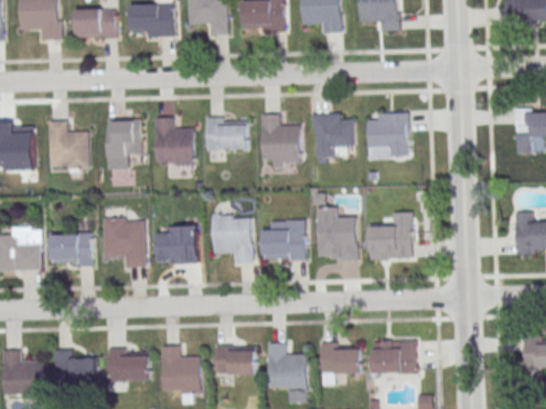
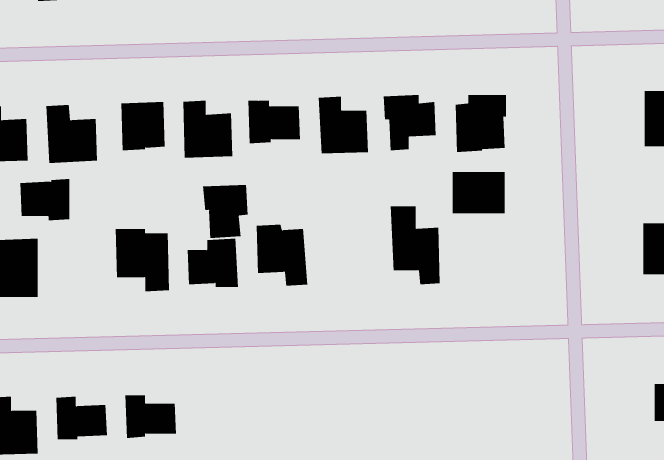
building: none -> [203,184,248,239]
building: [263,219,306,260] -> none
building: [370,225,411,258] -> [452,172,505,214]
building: [51,232,90,265] -> [20,178,70,221]
building: [372,340,415,374] -> none
building: [321,341,362,383] -> none
building: [268,342,308,388] -> none
building: [162,344,201,390] -> none
building: [215,345,256,375] -> none

